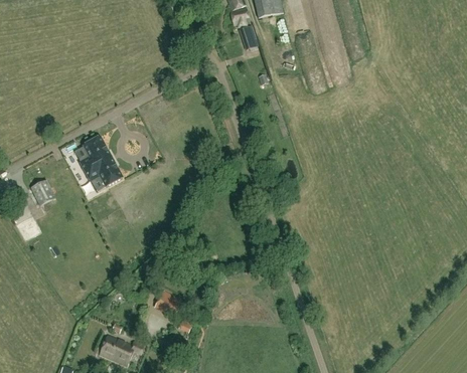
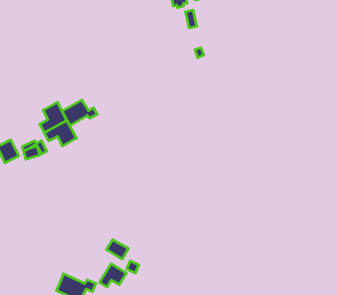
building: none -> [62,100,97,126]
building: none -> [100,264,126,287]

